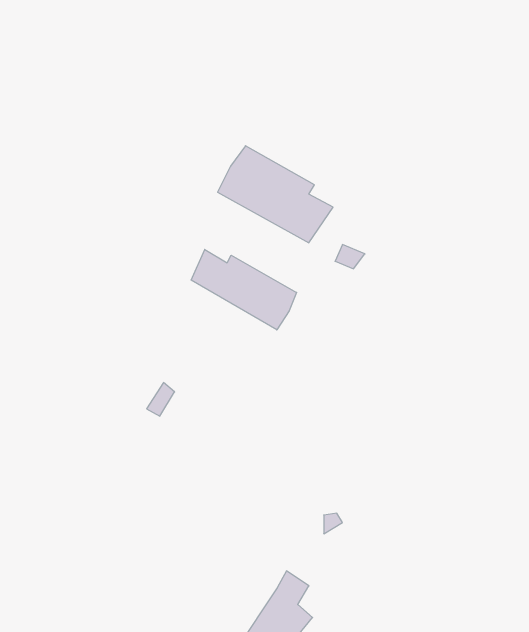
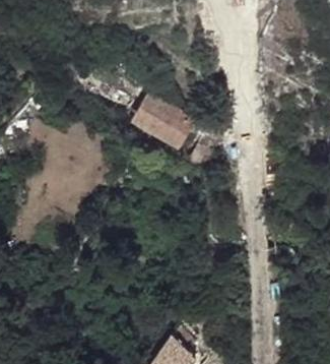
building: [191,249,297,330] -> none

